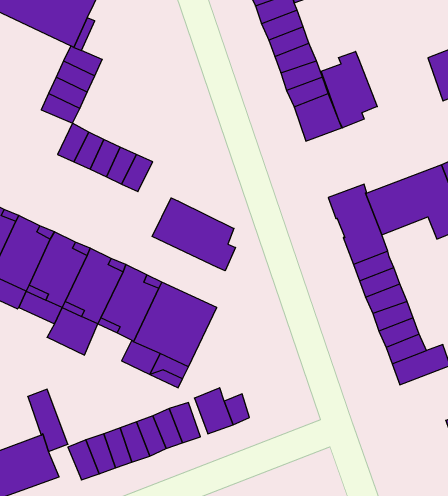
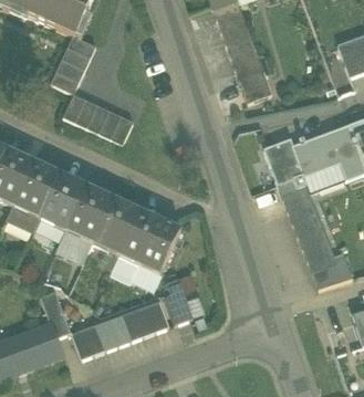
building: [321,51,377,128] -> none
building: [152,198,235,271] -> none
building: none -> [303,163,344,192]

